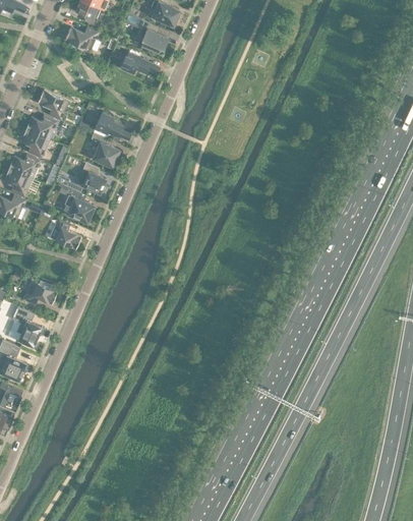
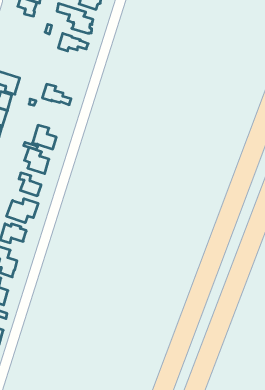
building: [64,25,98,50] -> none
building: [90,131,118,165] -> none
building: none -> [7,199,38,223]

